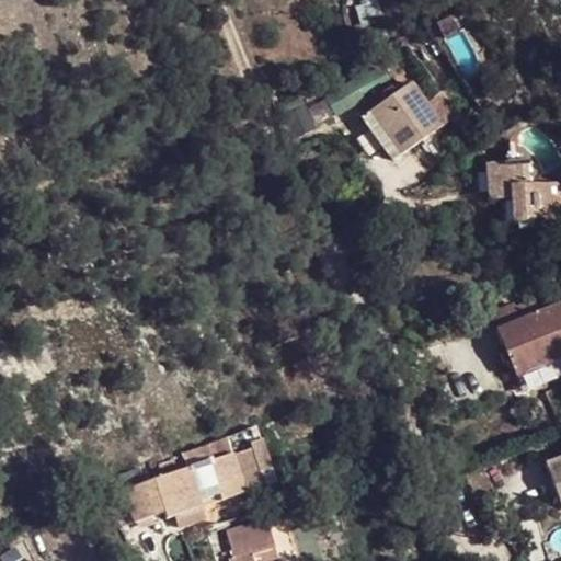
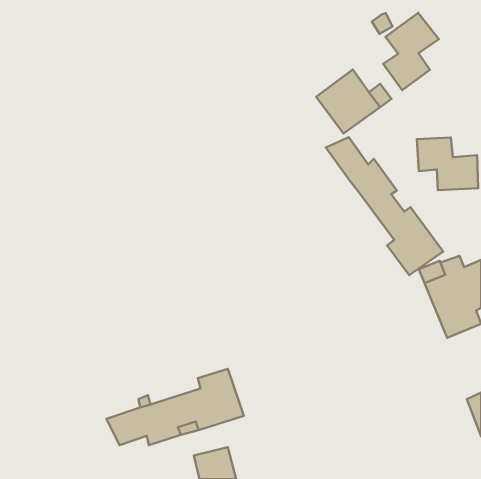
building: none -> [383,13,439,90]
building: none -> [326,137,443,275]

